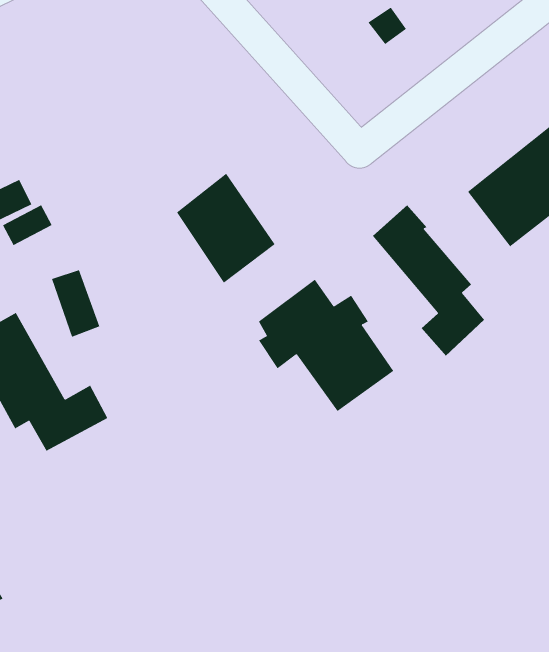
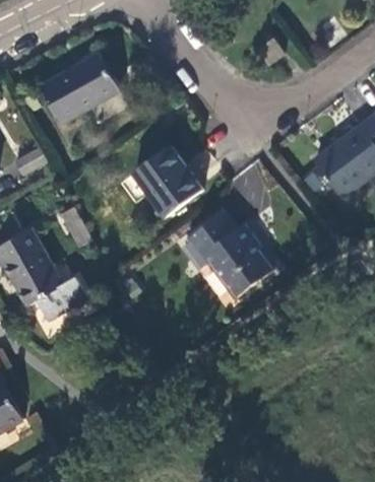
building: none -> [39,57,119,130]
building: [372,204,485,357] -> none

